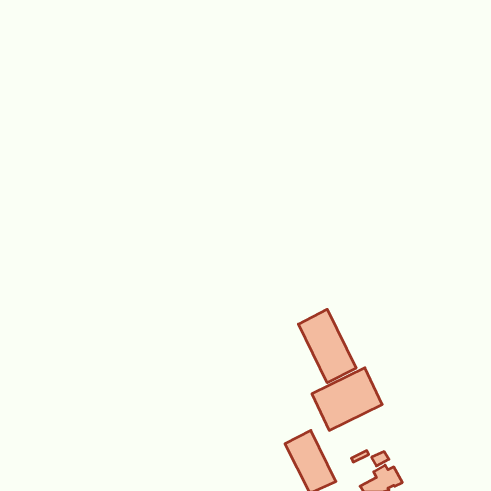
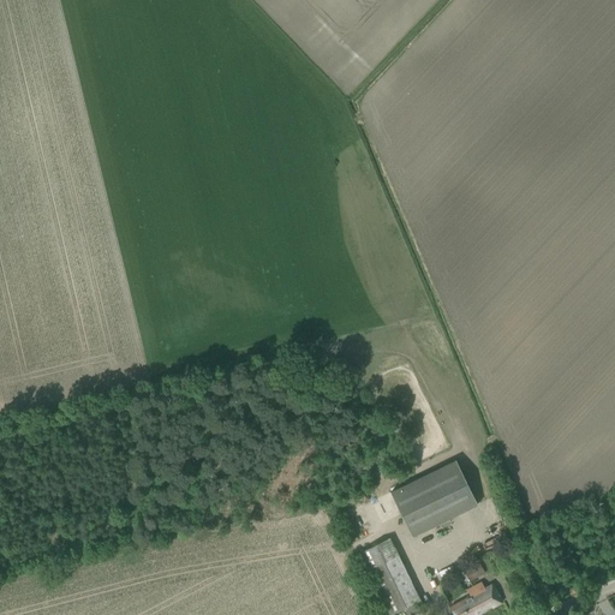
building: [298,309,356,383] -> none

